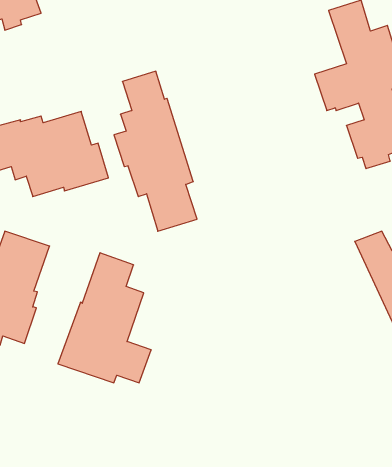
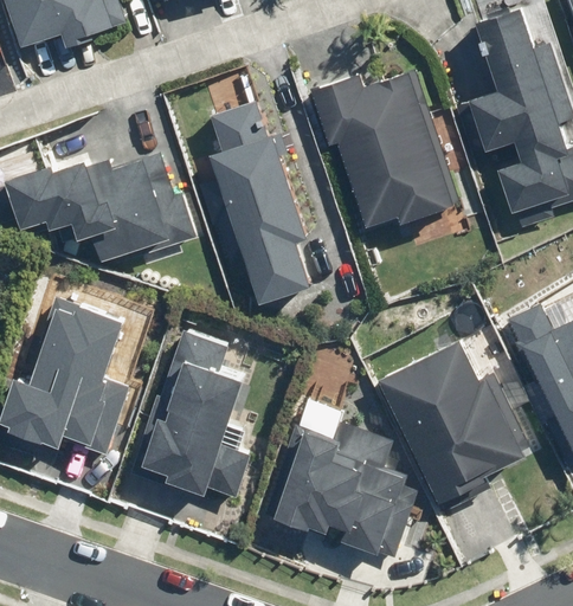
building: none -> [314,75,453,226]
building: none -> [381,342,523,503]
building: none -> [268,420,406,553]

